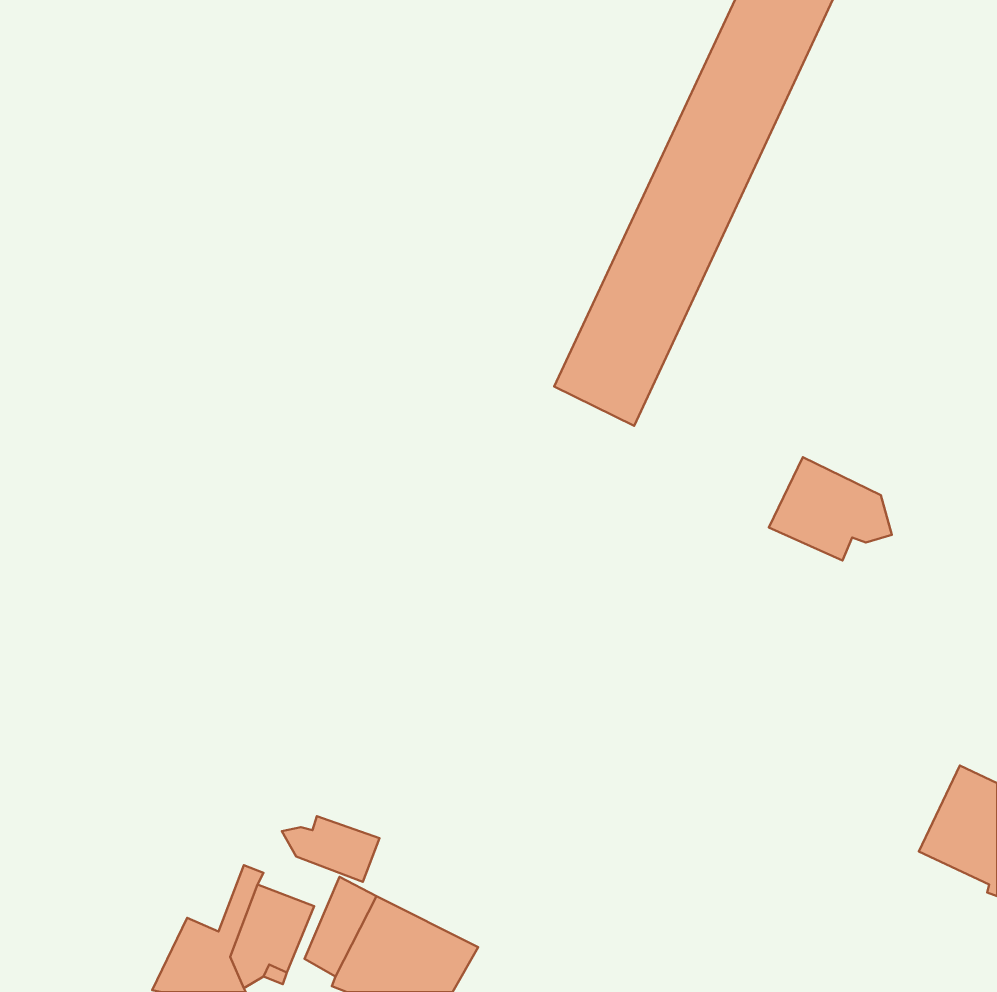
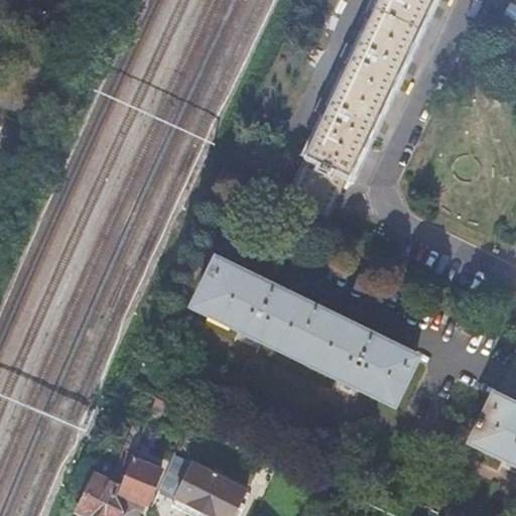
building: [769,457,892,560] -> none
building: none -> [197,261,416,400]
building: [282,816,379,882] -> none

